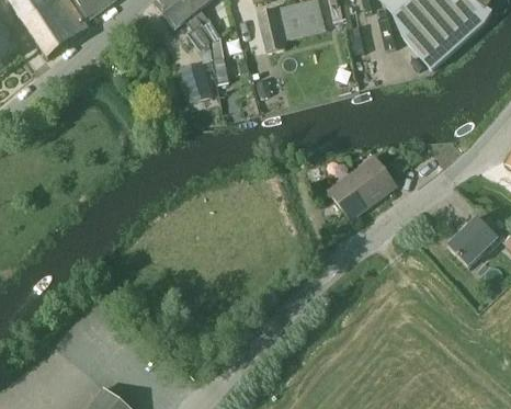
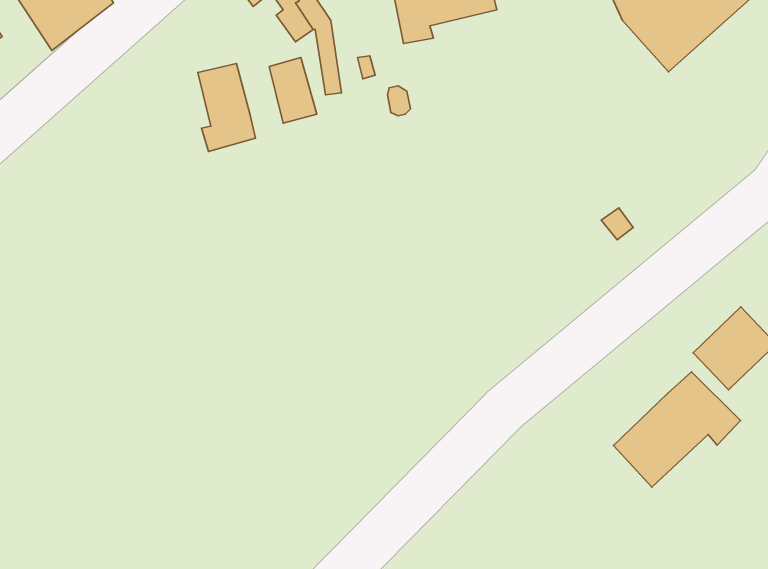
building: none -> [198,63,255,152]
building: [328,156,396,219] -> none
building: none -> [614,372,741,487]

